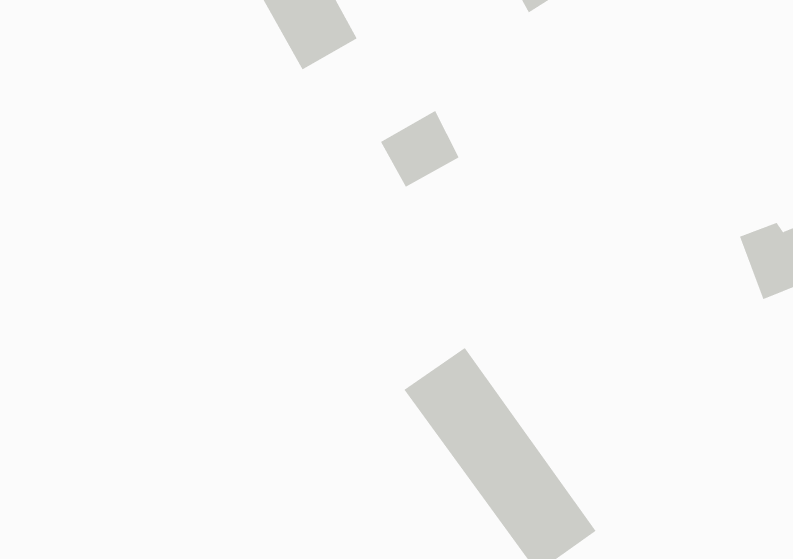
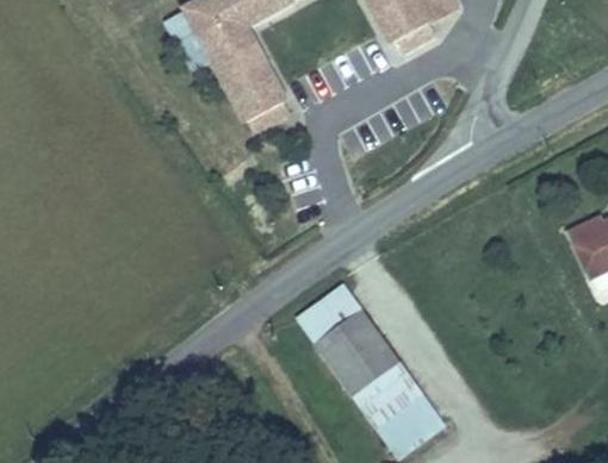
building: [380,110,459,188] -> [229,68,289,126]

